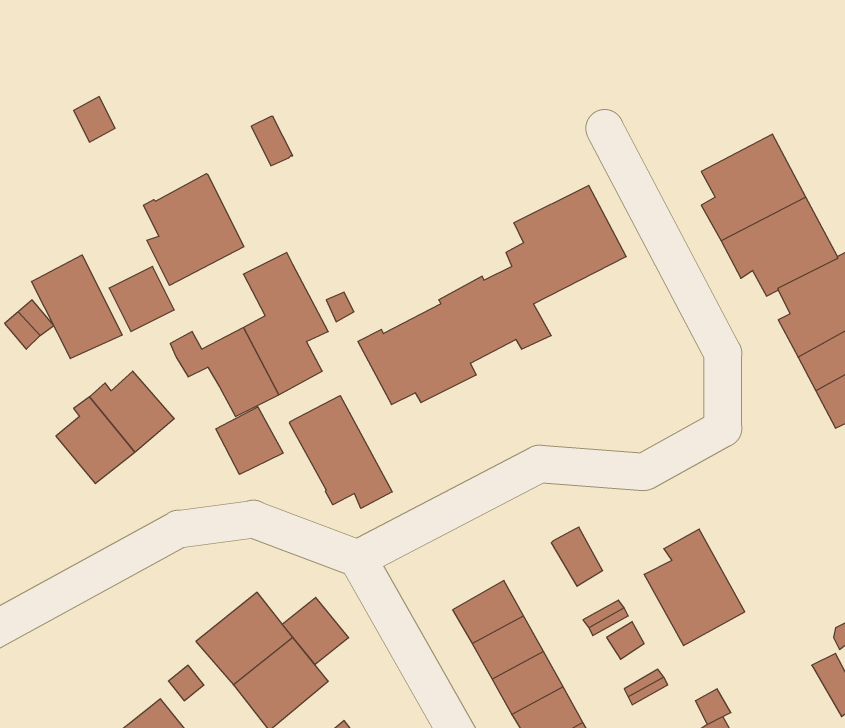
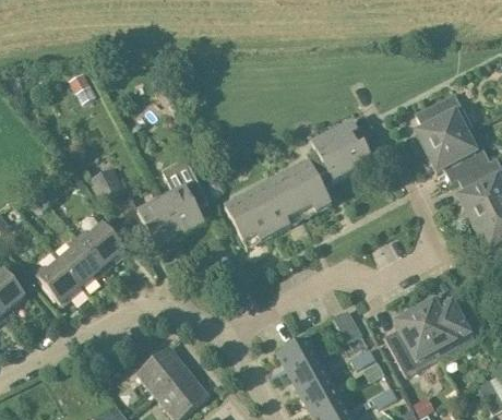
building: [144,174,244,285] -> none
building: [32,255,122,359] -> none
building: [290,396,392,508] -> none
building: [216,407,283,474] -> none
building: none -> [33,259,80,303]
building: none -> [414,298,474,356]
building: [282,597,349,665] -> none

